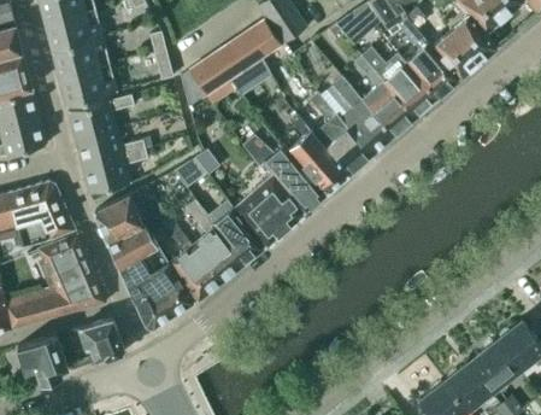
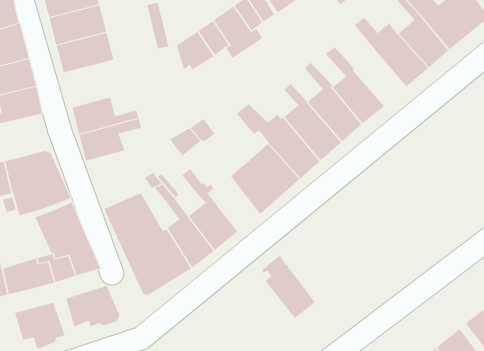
building: [352,55,413,138] -> none
building: [69,98,134,139] -> none
building: [94,195,143,241] -> none
building: [210,199,265,264] -> [261,255,316,319]

